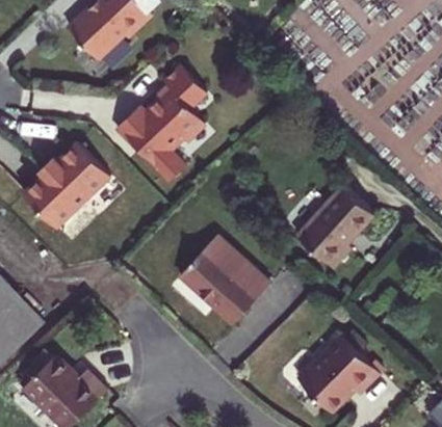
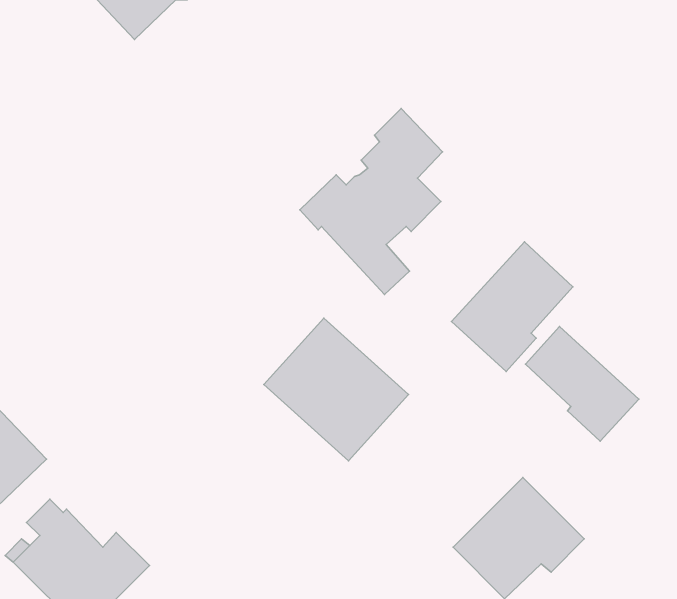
building: [115,64,205,181] -> [300,109,443,294]
building: [23,142,109,229] -> none
building: none -> [526,327,639,441]

